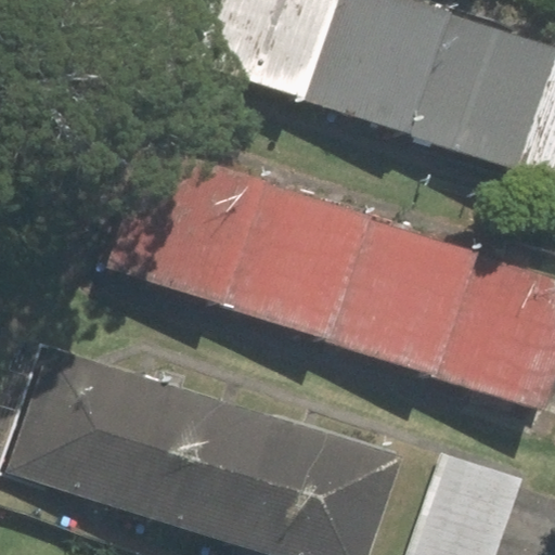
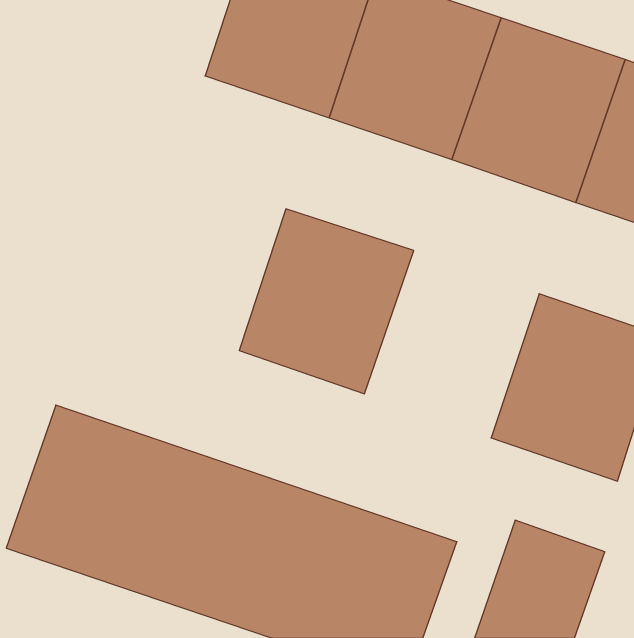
building: [106,142,256,300] -> none
building: [323,215,473,375] -> none

